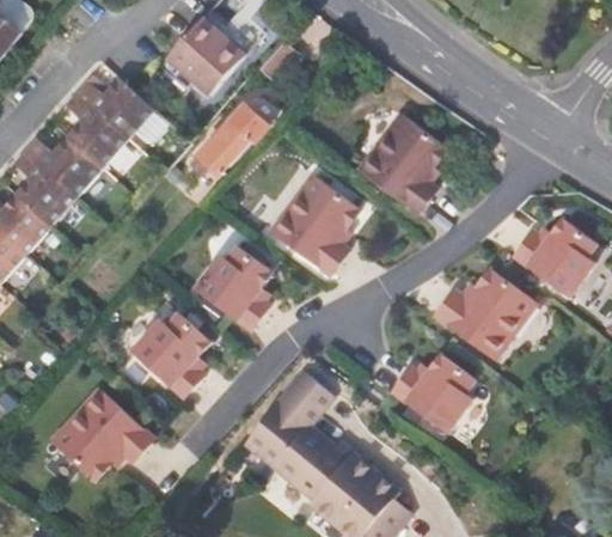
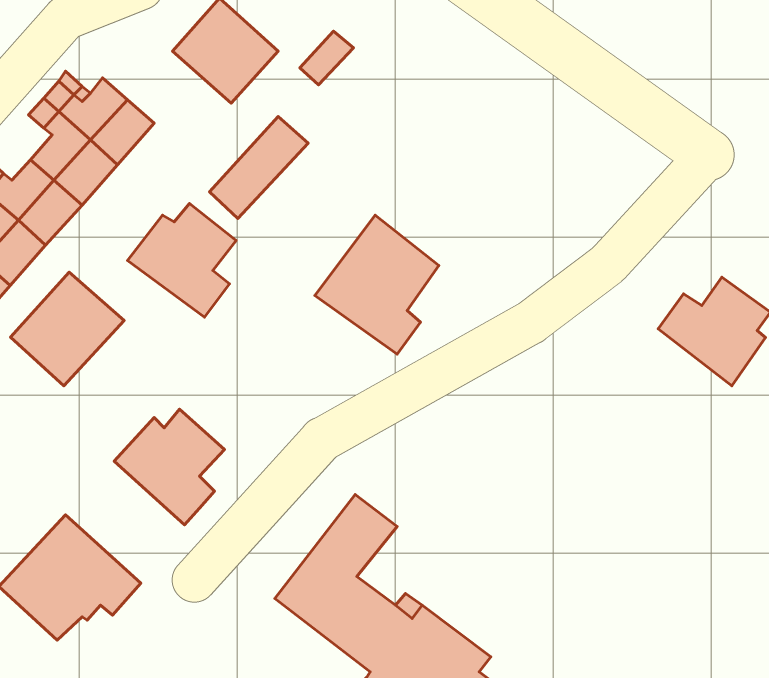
building: [360,117,446,215] -> none
building: none -> [11,272,124,386]
building: [194,248,271,329] -> [127,204,236,317]
building: [436,267,537,358] -> none
building: [388,352,475,431] -> none

